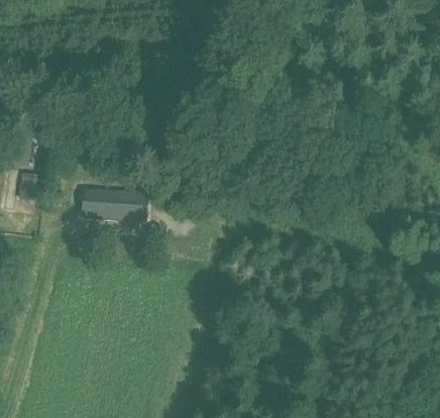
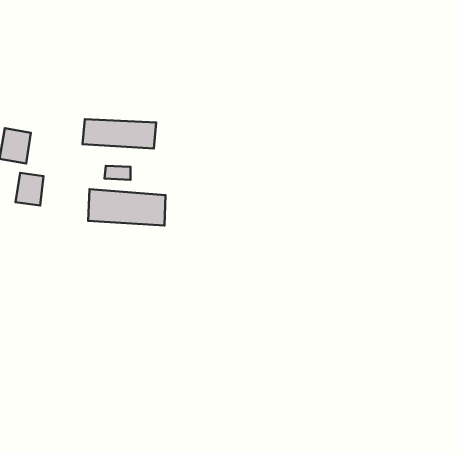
building: none -> [83,119,156,149]

